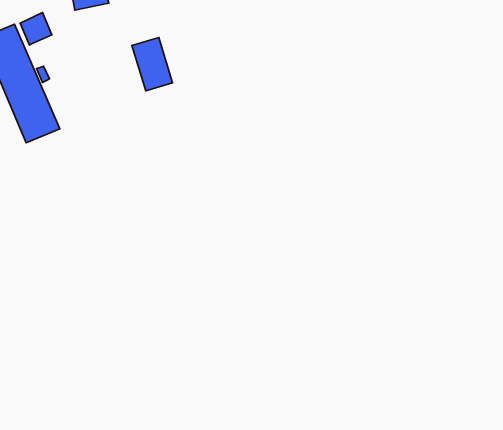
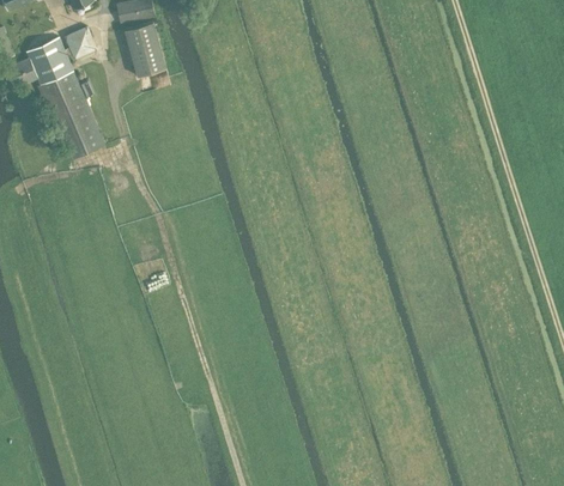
building: [132,37,173,91] -> [123,22,165,77]

